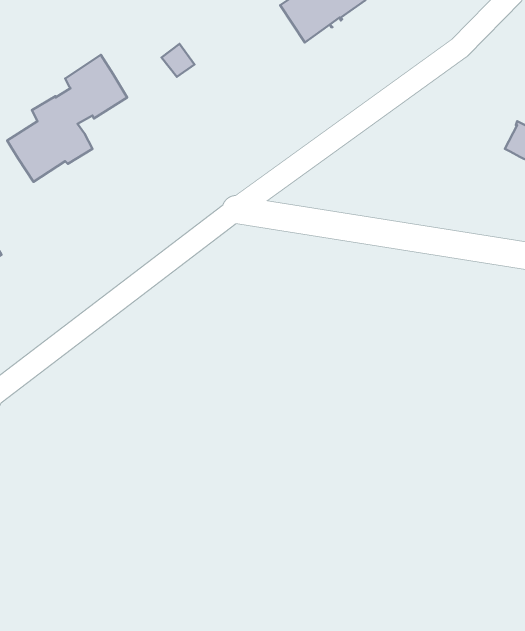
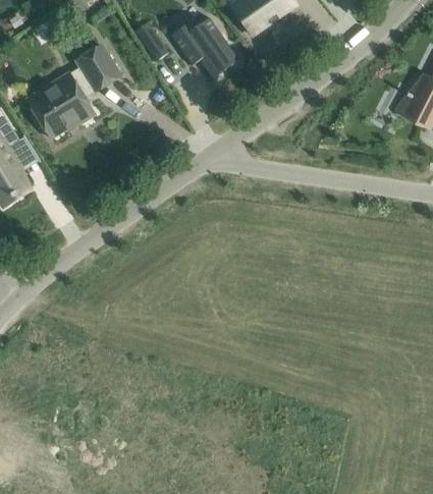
building: none -> [170,16,238,77]

